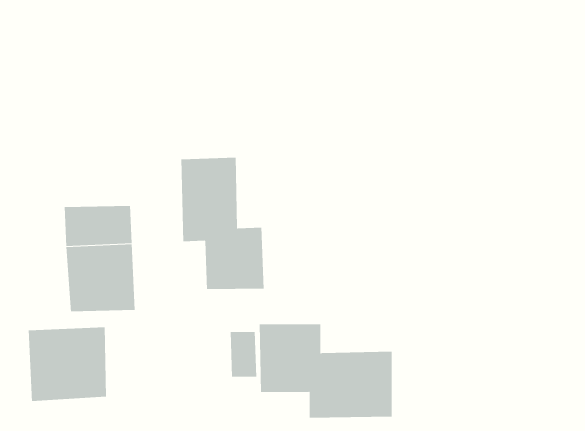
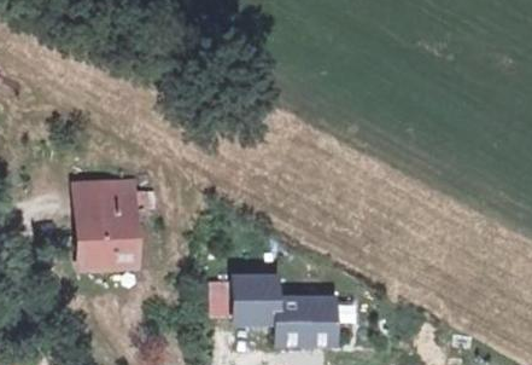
building: [181,157,264,290] -> none
building: [28,326,106,402] -> none

